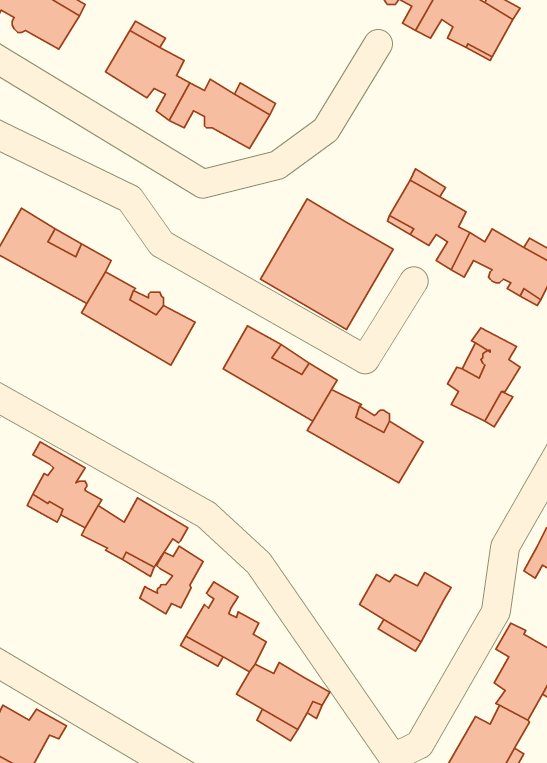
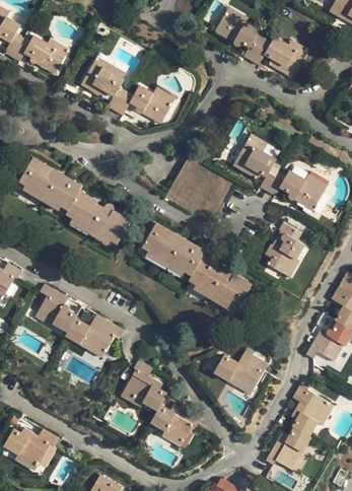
building: [140,546,203,614] -> none

